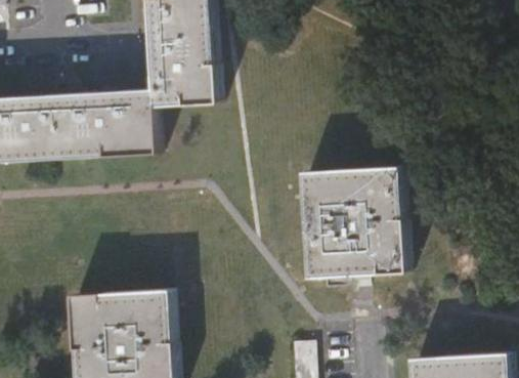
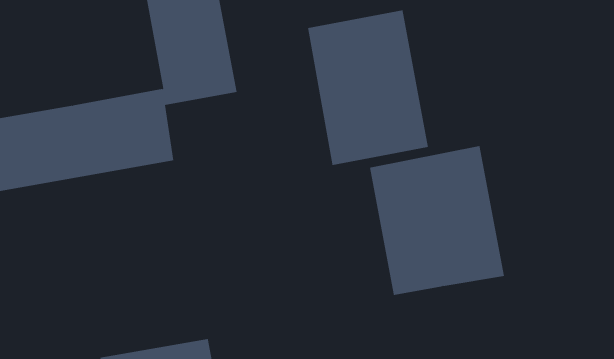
building: none -> [308,9,429,166]

